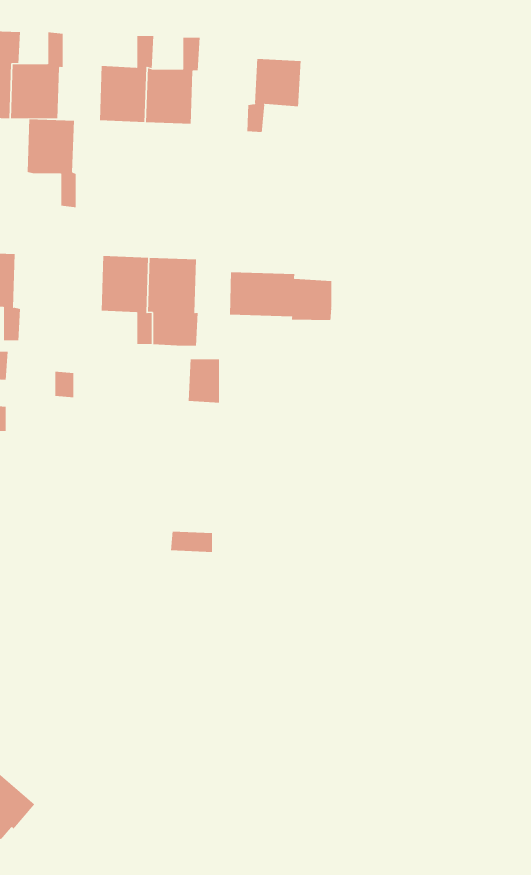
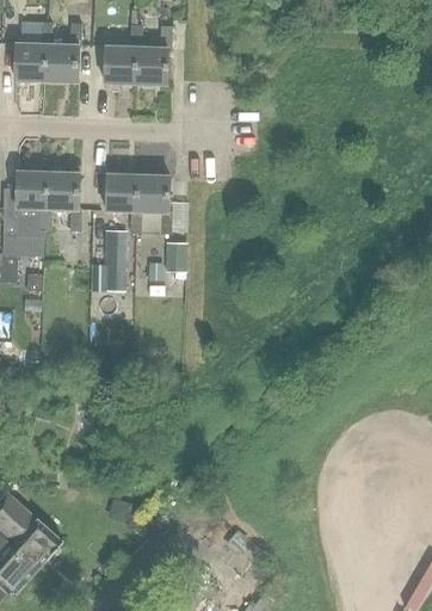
building: [247,58,301,133] -> none
building: [27,119,76,208] -> [47,171,80,230]
building: [229,271,332,321] -> none
building: none -> [91,228,125,289]

